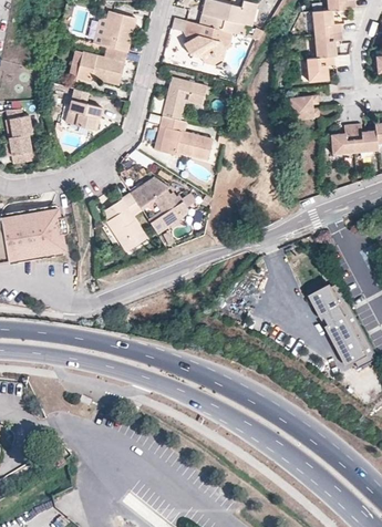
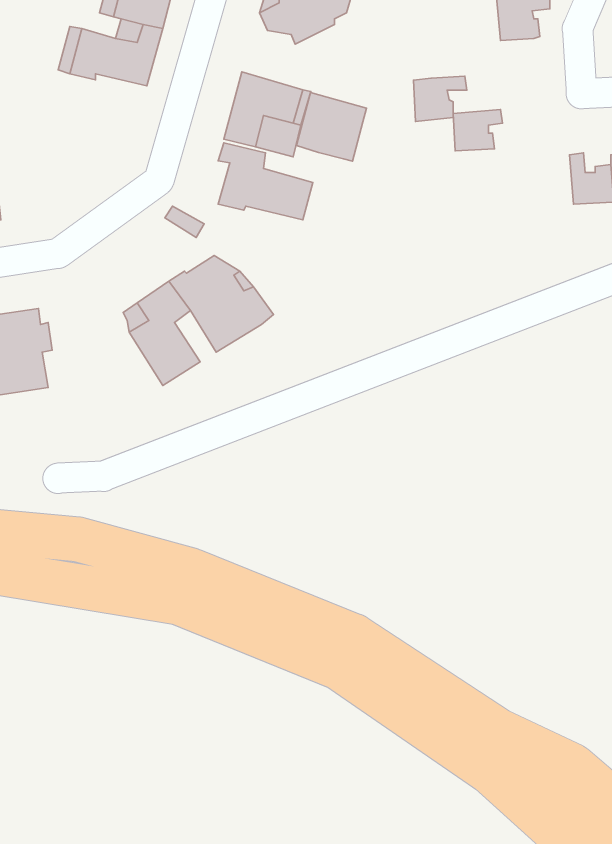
building: [306,58,335,83] -> [414,76,467,122]
building: none -> [297,93,366,161]
building: [64,99,101,128] -> none
building: [332,123,357,154] -> none
building: [307,285,370,370] -> none

